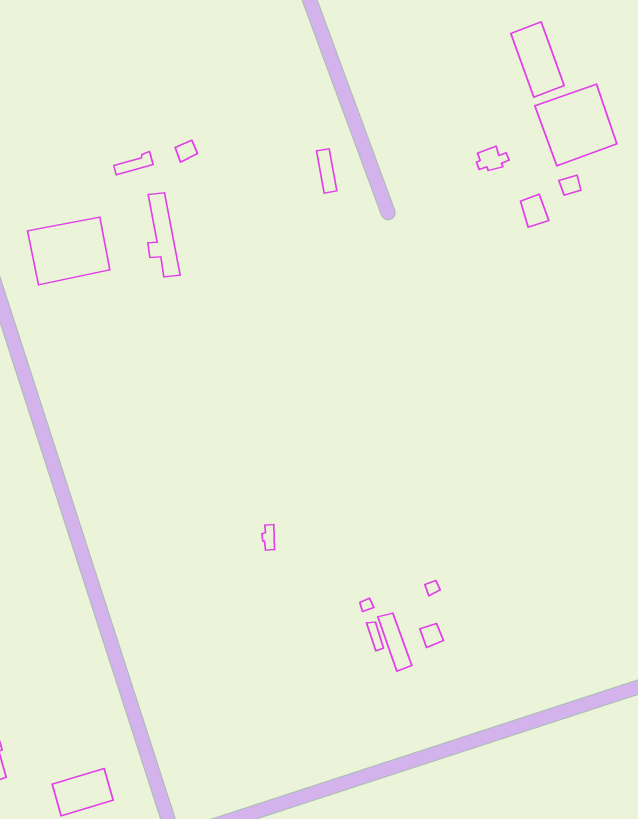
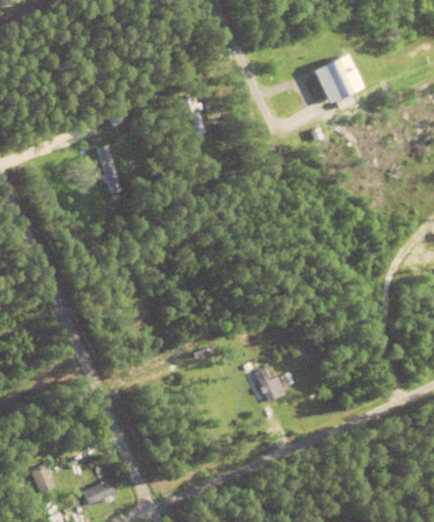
building: [511,22,564,97] -> none
building: [27,217,110,285] -> none

